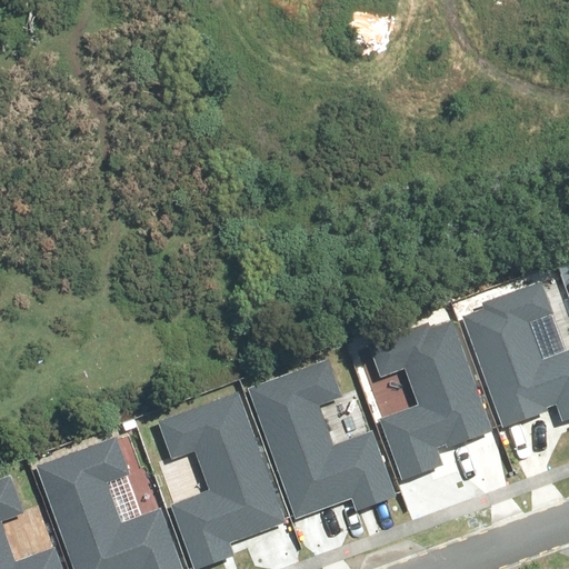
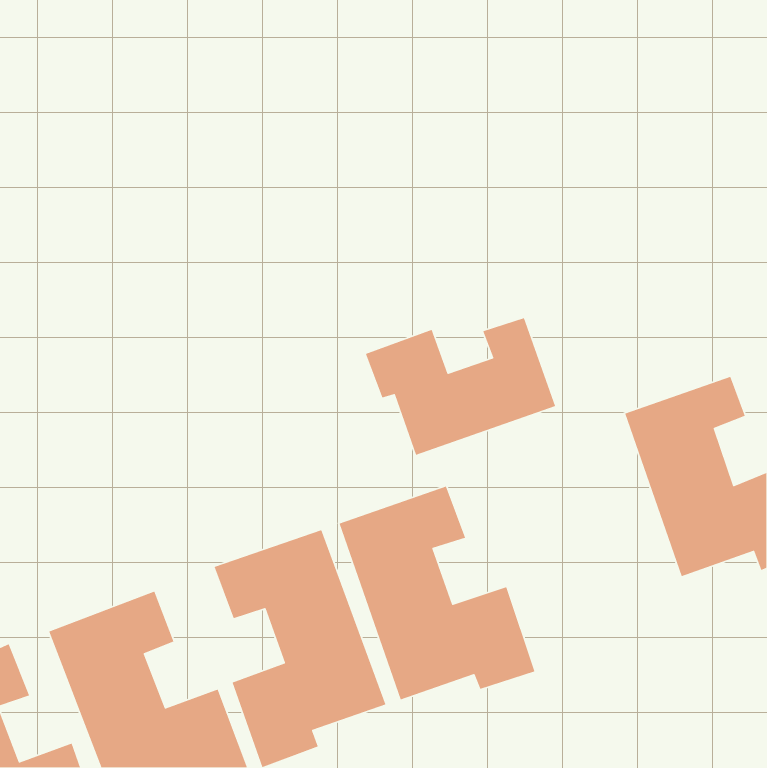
building: none -> [365,317,556,456]
building: [368,315,490,483] -> none

